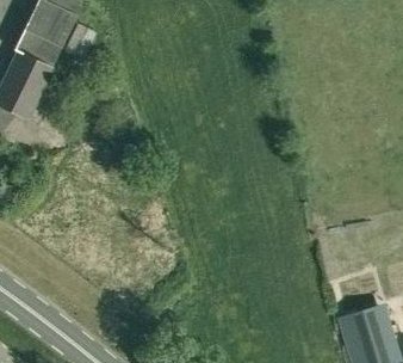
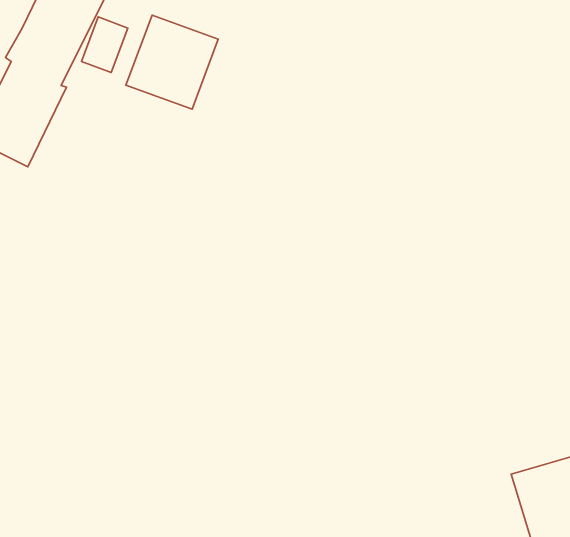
building: none -> [126,15,218,109]

